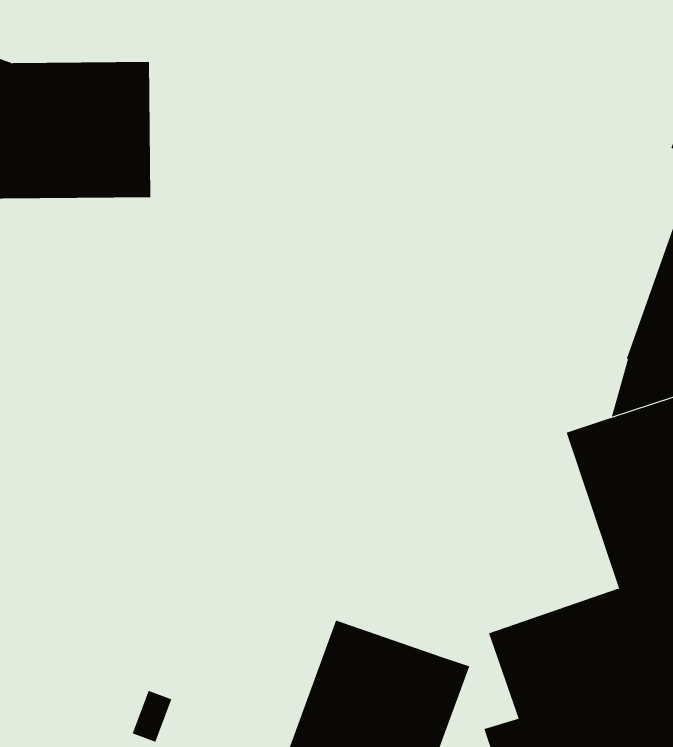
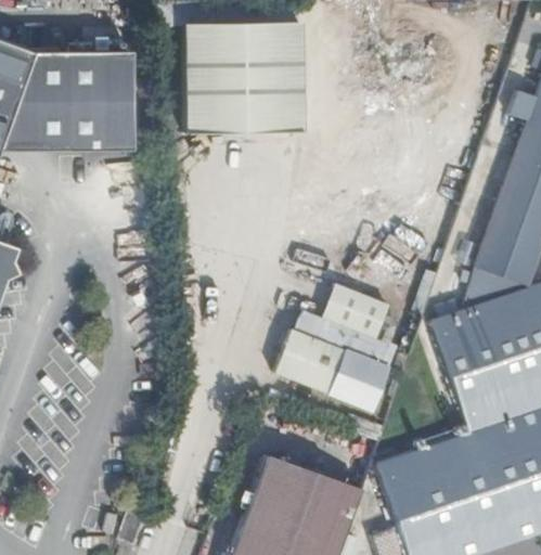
building: none -> [183,22,301,132]
building: none -> [275,282,402,412]

